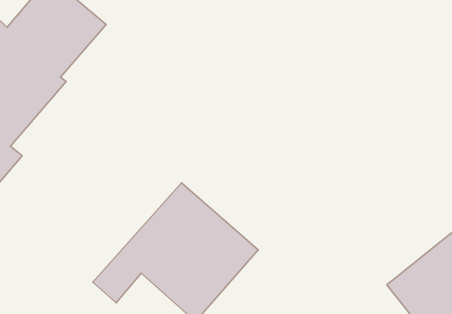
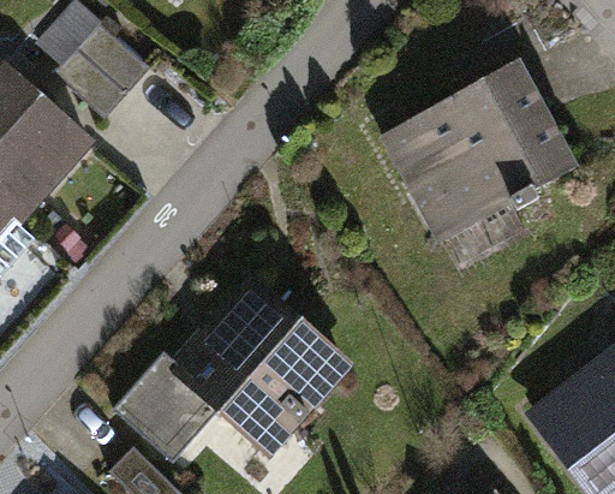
building: none -> [378,59,574,242]

